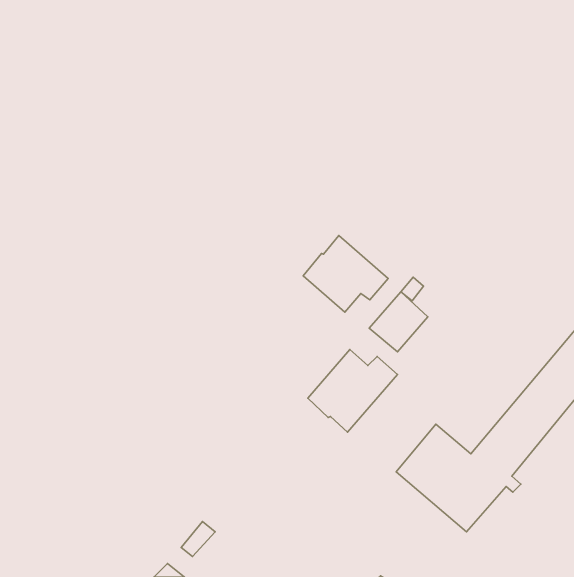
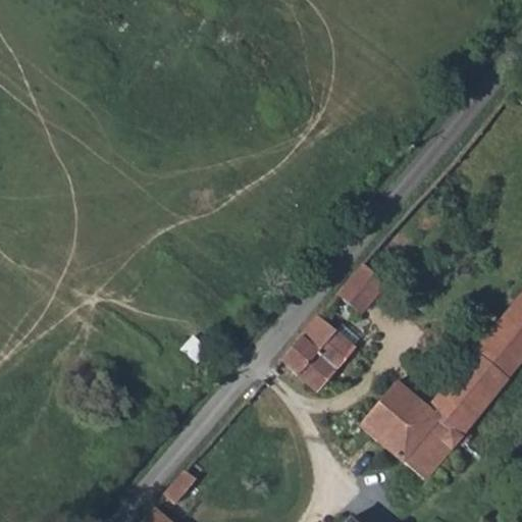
building: [303,236,388,312] -> none

